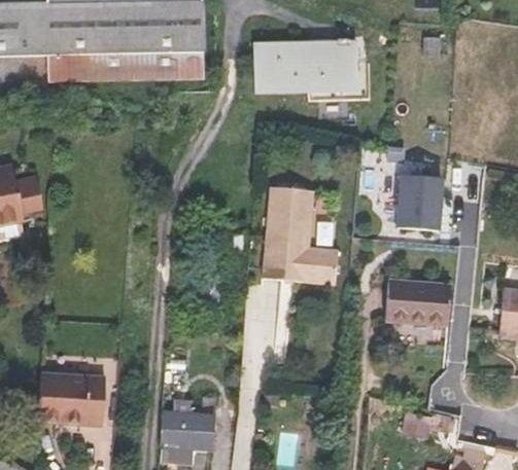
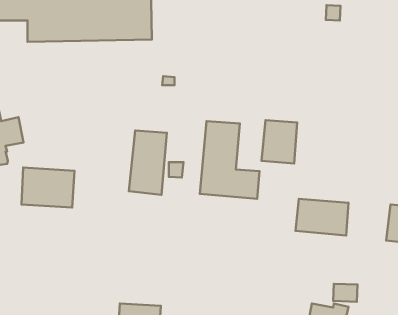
building: [253,43,356,93] -> none
building: [396,175,442,229] -> [261,120,297,163]
building: none -> [129,130,167,195]
building: [39,362,106,412] -> [22,168,75,208]

